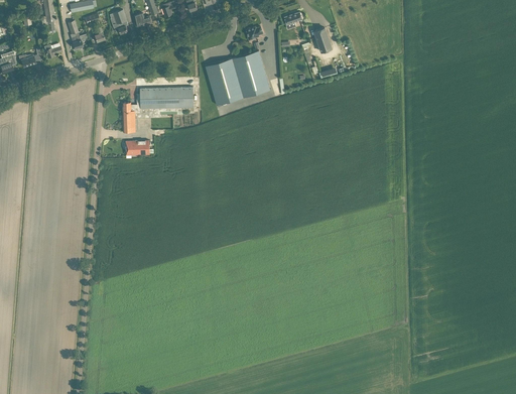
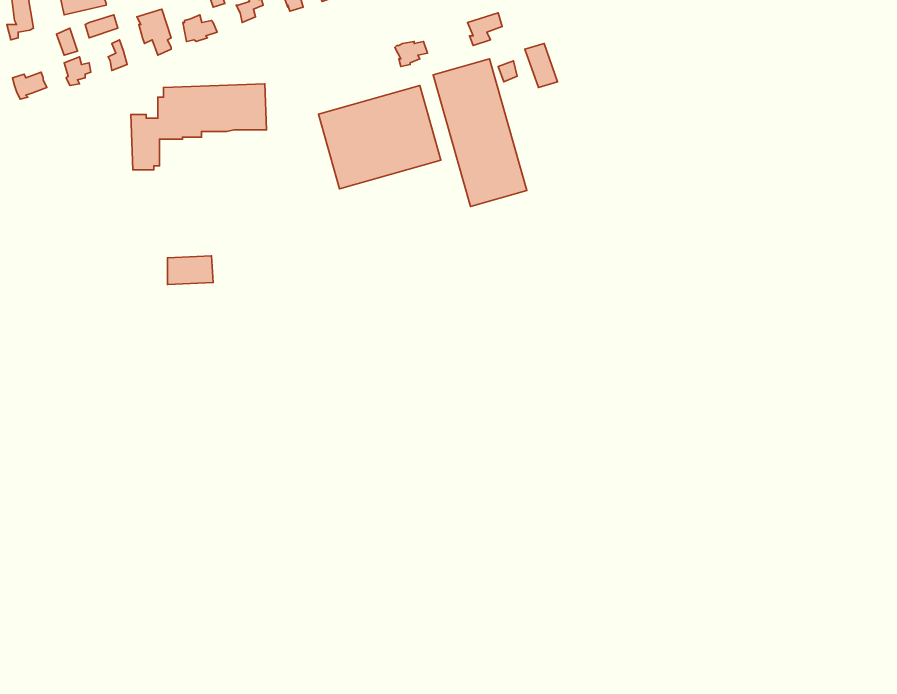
building: none -> [433,59,527,207]
building: [122,86,194,131] -> [131,84,267,170]

